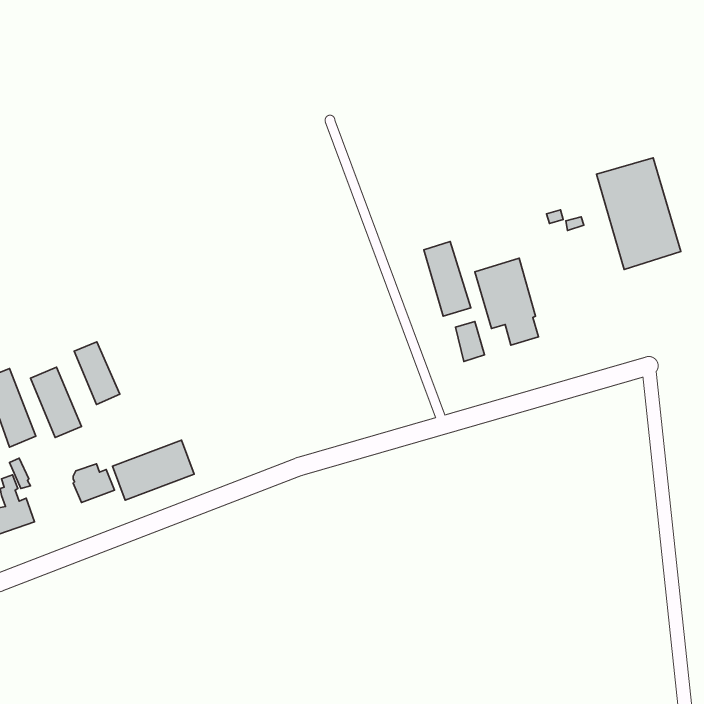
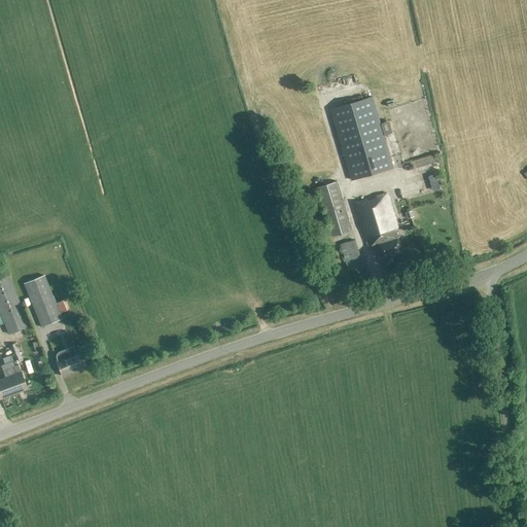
building: [597,158,681,270] -> [329,97,392,180]
building: [74,342,120,404] -> none
building: [112,440,194,500] -> none

